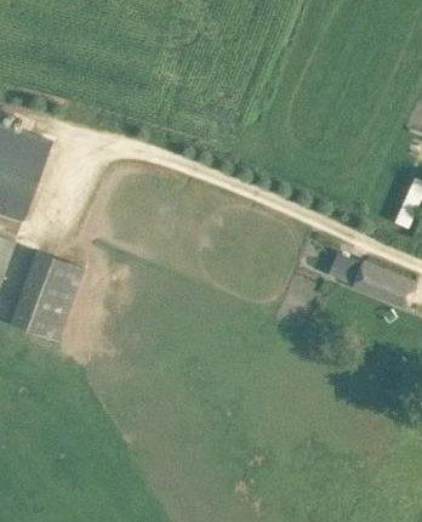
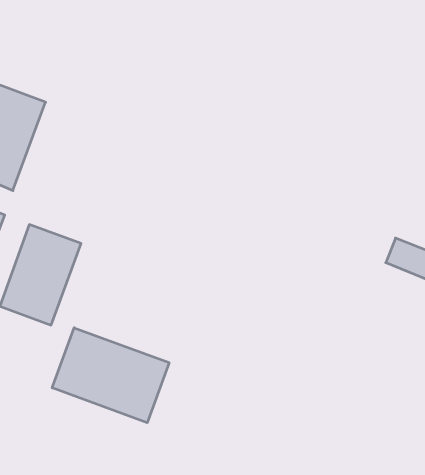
building: none -> [52,328,169,423]

